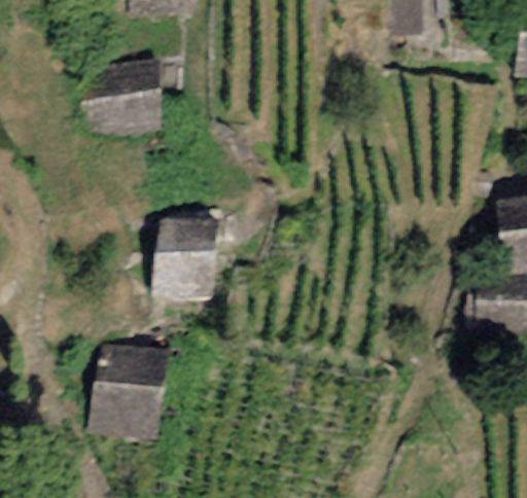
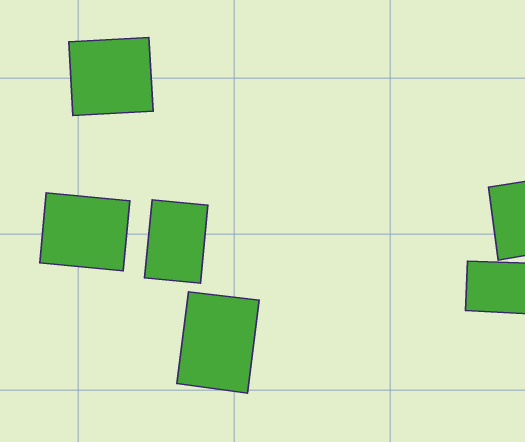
building: none -> [40,193,130,271]
building: [90,343,170,441] -> [177,292,259,393]

